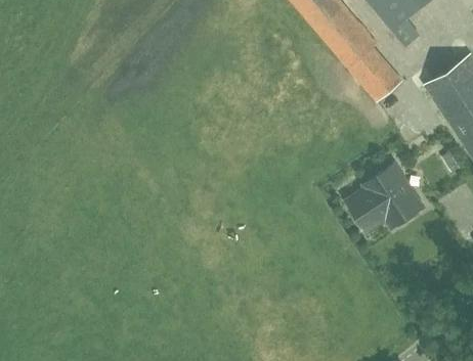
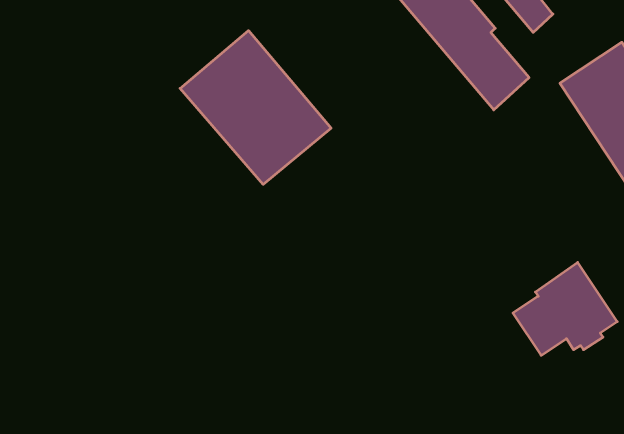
building: none -> [180,31,331,184]
building: [347,163,423,230] -> [513,262,617,355]

